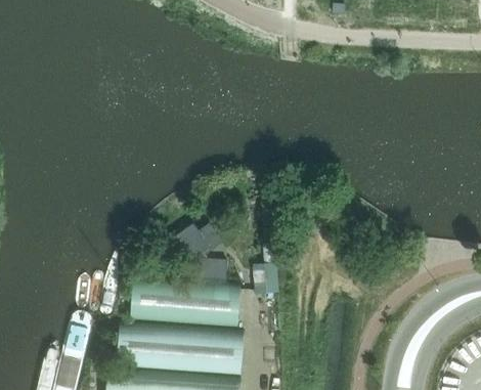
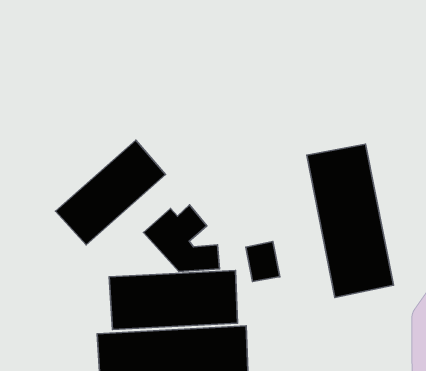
building: none -> [56,140,166,245]
building: none -> [307,144,393,298]

